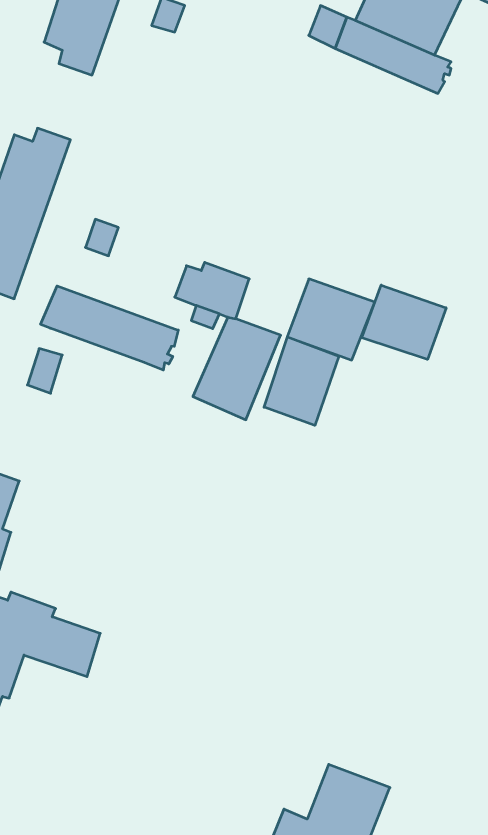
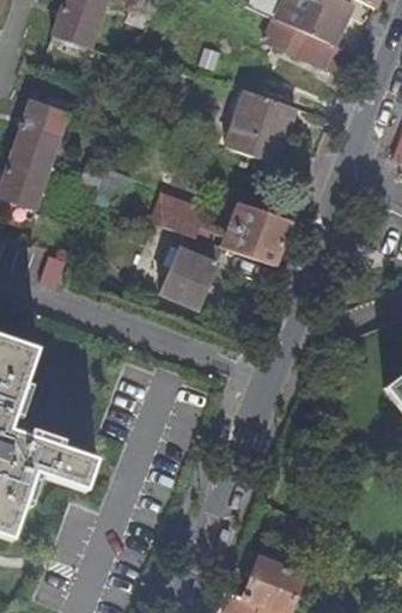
building: none -> [229,89,298,162]
building: [362,285,446,359] -> none
building: [41,286,178,370] -> none
building: [264,337,339,425] -> none

